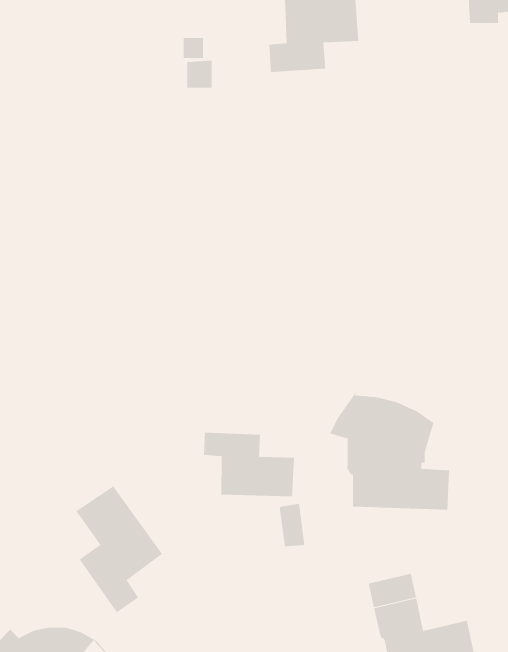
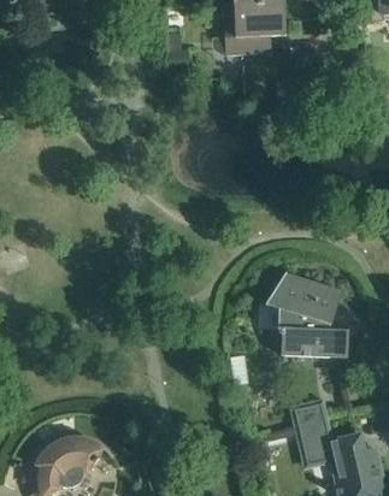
building: [204,432,294,497] -> none
building: [76,485,163,613] -> none

